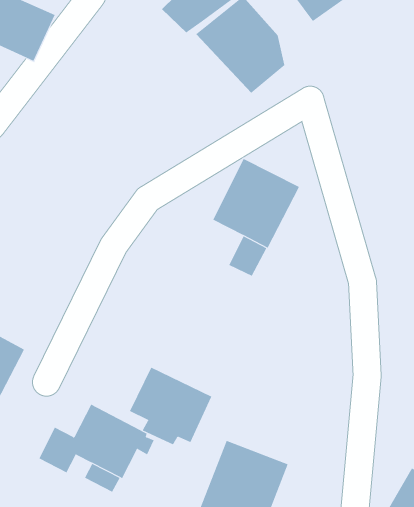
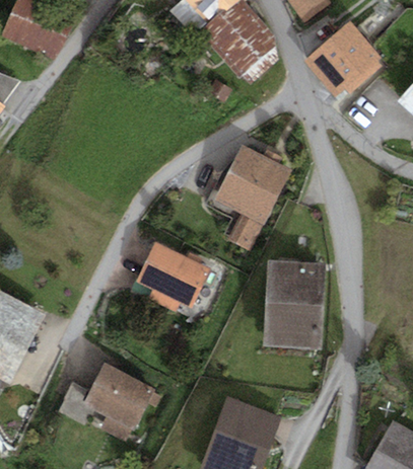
building: none -> [302,21,381,96]
building: none -> [264,258,326,349]
building: [129,367,212,445] -> [137,241,211,311]

